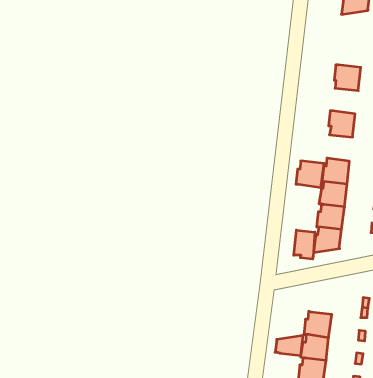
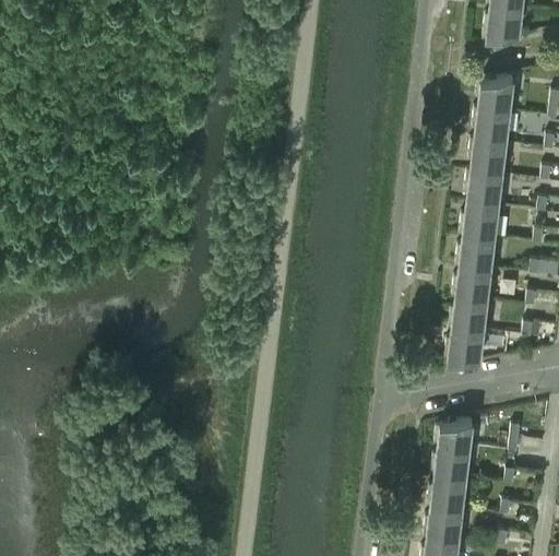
building: none -> [478,75,515,109]
building: none -> [471,137,508,173]
building: [296,161,324,187] -> [462,201,500,237]
building: [294,230,315,259] -> none
building: [275,335,303,355] -> [437,418,475,446]

